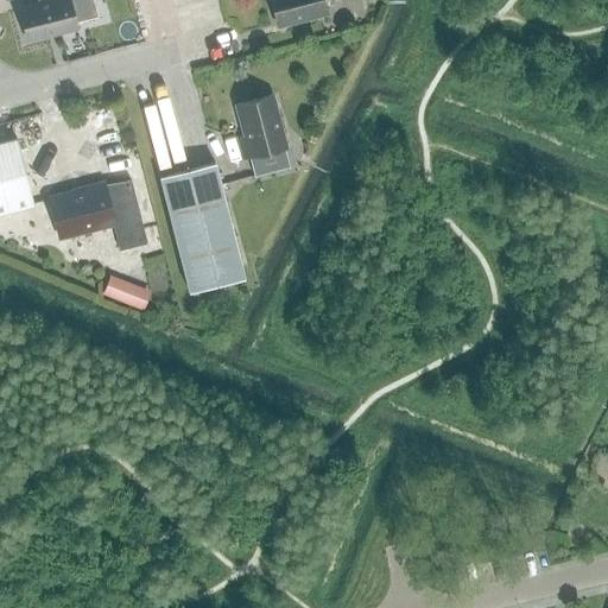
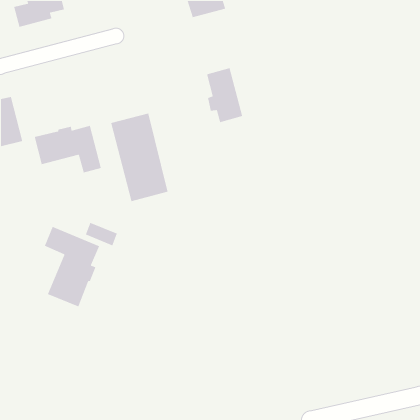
building: [236,95,290,176] -> [206,67,243,123]
building: [102,274,150,310] -> [85,222,118,246]
building: none -> [44,226,100,307]

